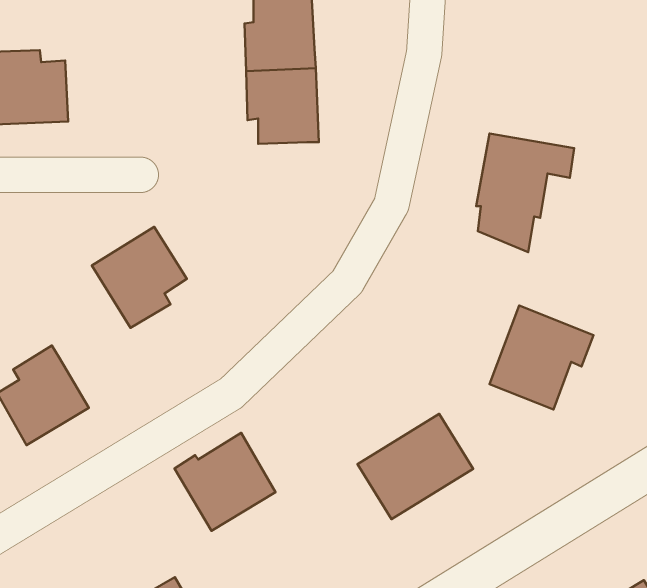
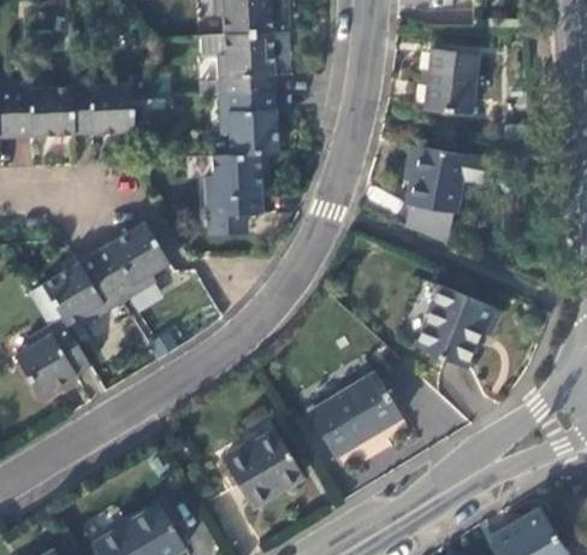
building: none -> [426,49,478,113]
building: none -> [71,76,150,136]
building: none -> [204,153,269,236]
building: none -> [41,253,124,327]
building: [175,433,275,531] -> [221,430,303,509]

